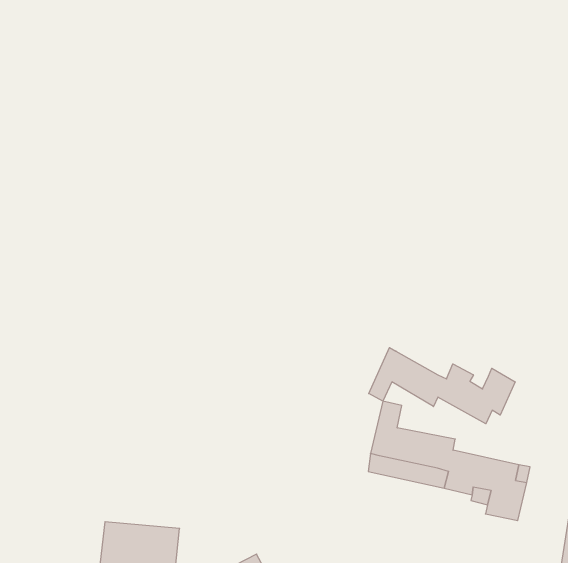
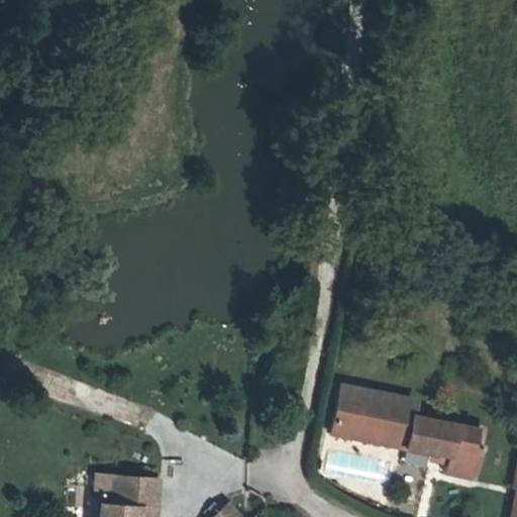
building: [369,348,515,424] -> none

